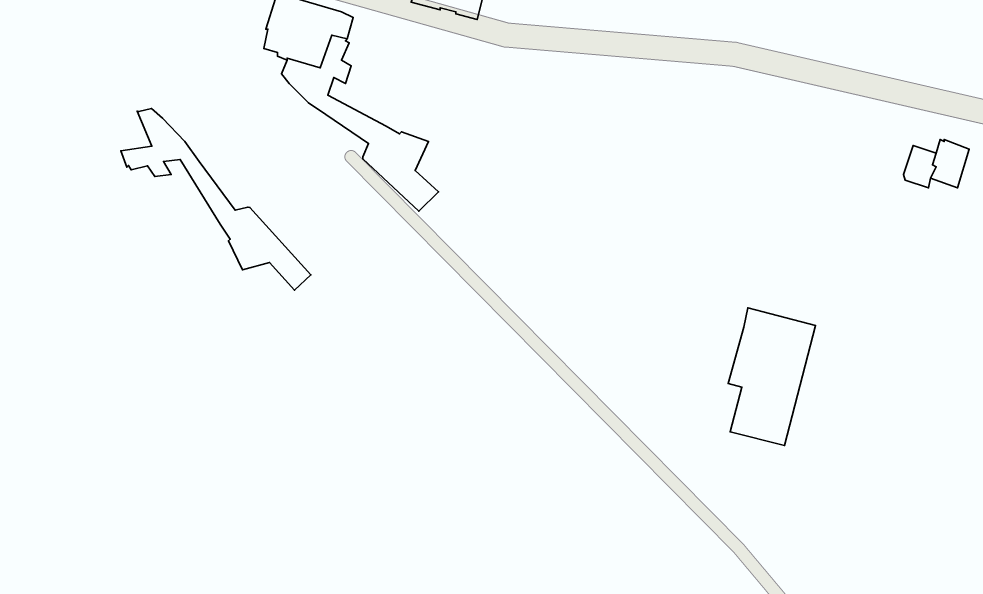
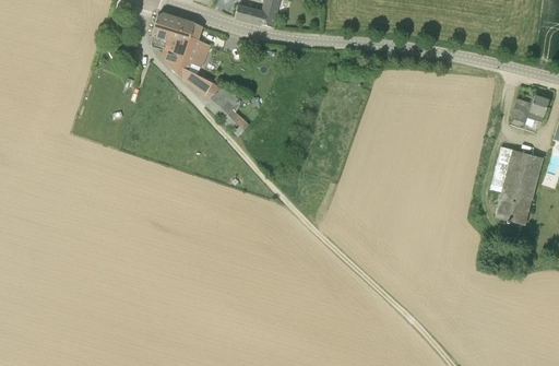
building: [121,108,311,290] -> none
building: [728,308,815,445] -> [493,146,543,224]

